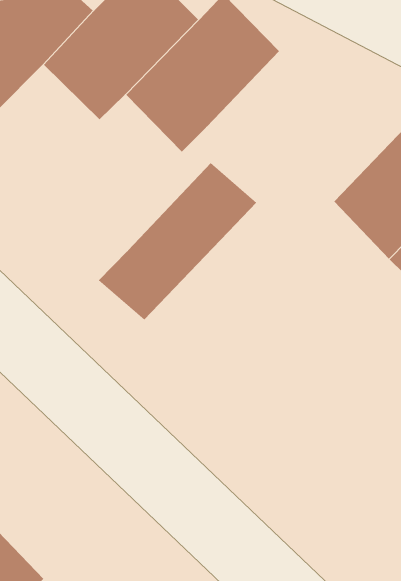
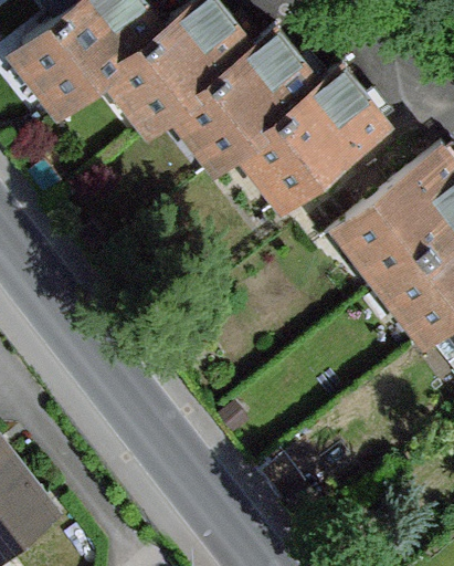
building: none -> [245,76,383,208]
building: [98,162,257,321] -> none

